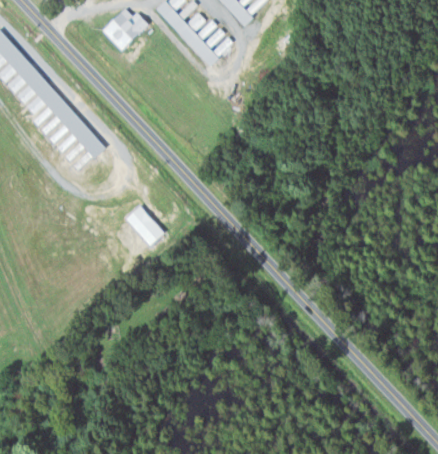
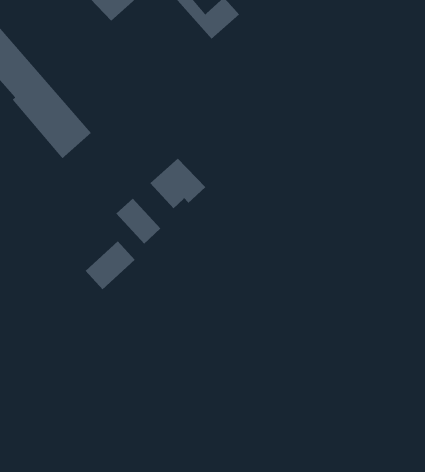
building: none -> [149,158,206,209]
building: none -> [85,241,136,290]

